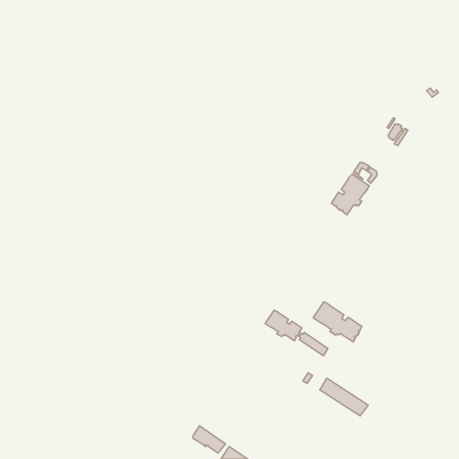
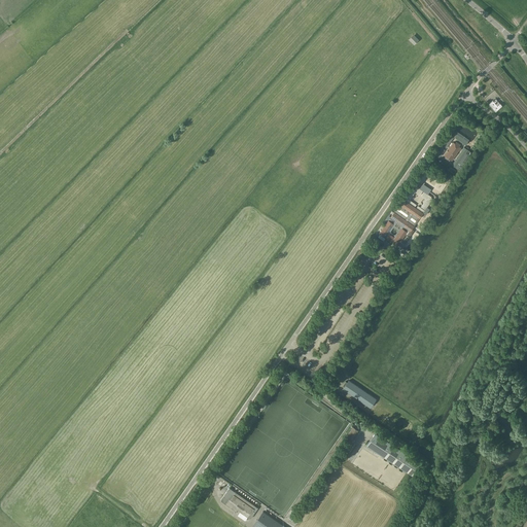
building: [313,302,362,342] -> none
building: [265,310,302,341] -> none

